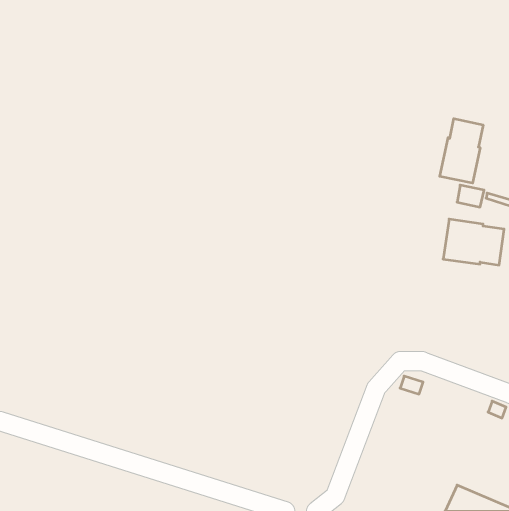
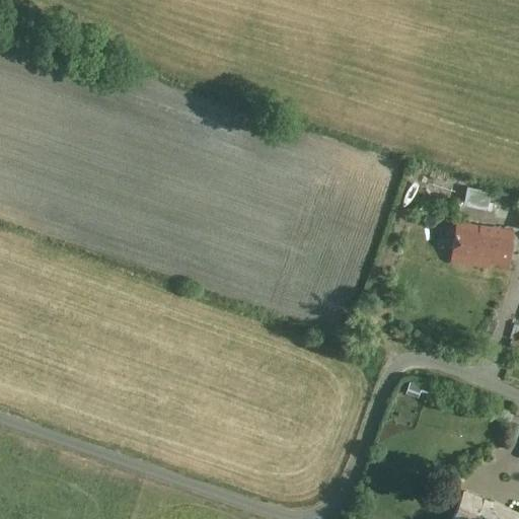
building: [440,119,483,183] -> none

